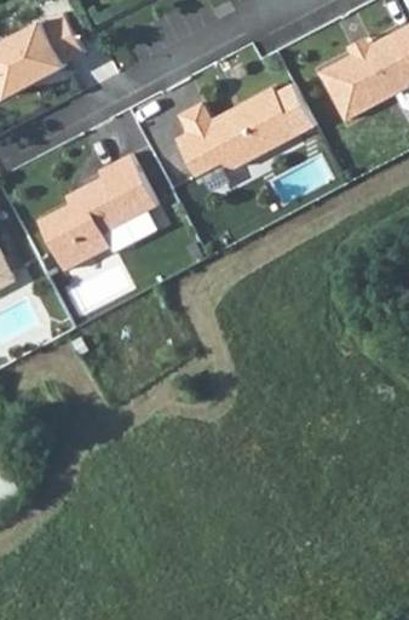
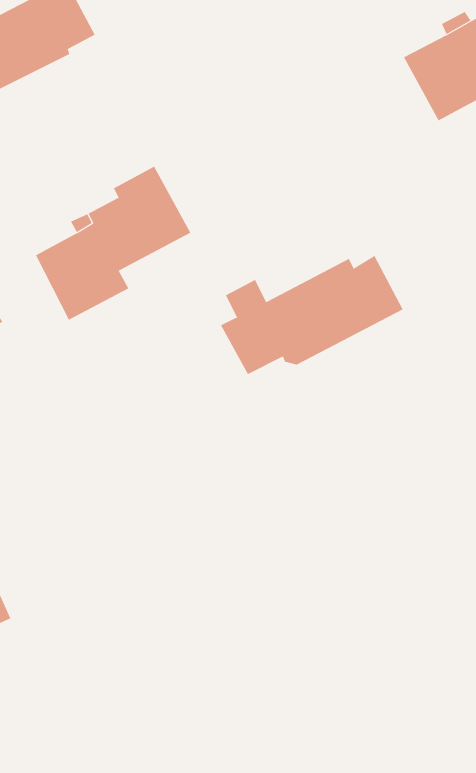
building: [173,85,312,176] -> [220,255,403,375]

